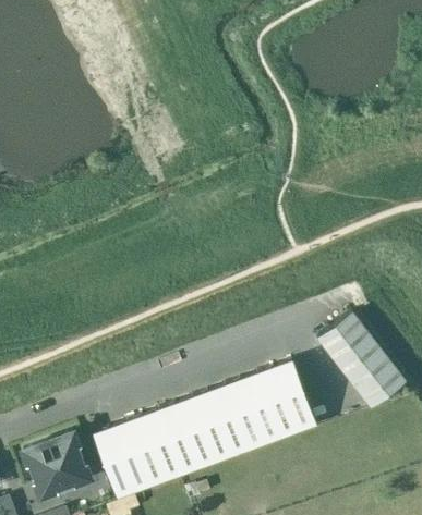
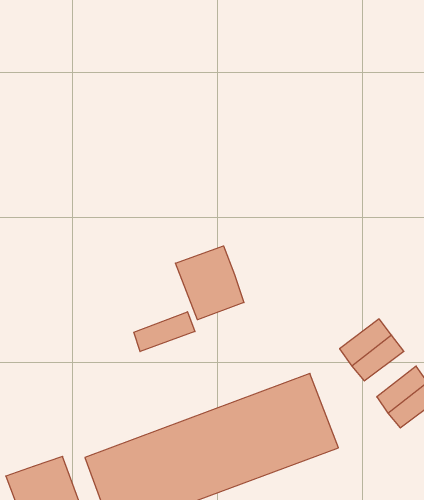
building: none -> [175,246,244,320]
building: none -> [134,312,195,352]
building: [339,340,385,380] -> none

